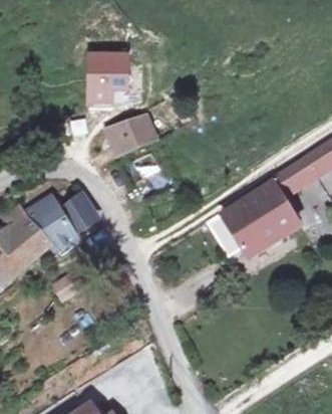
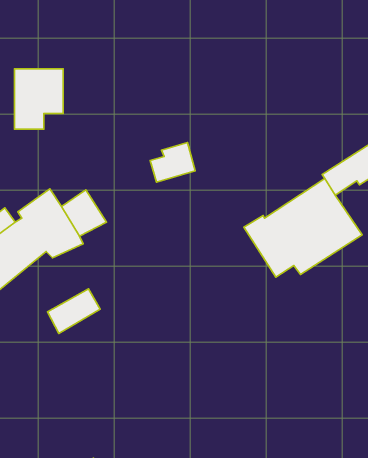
building: [89,54,127,101] -> [14,69,63,129]
building: [110,119,155,157] -> none

